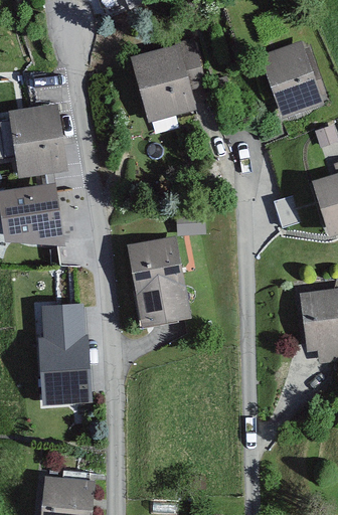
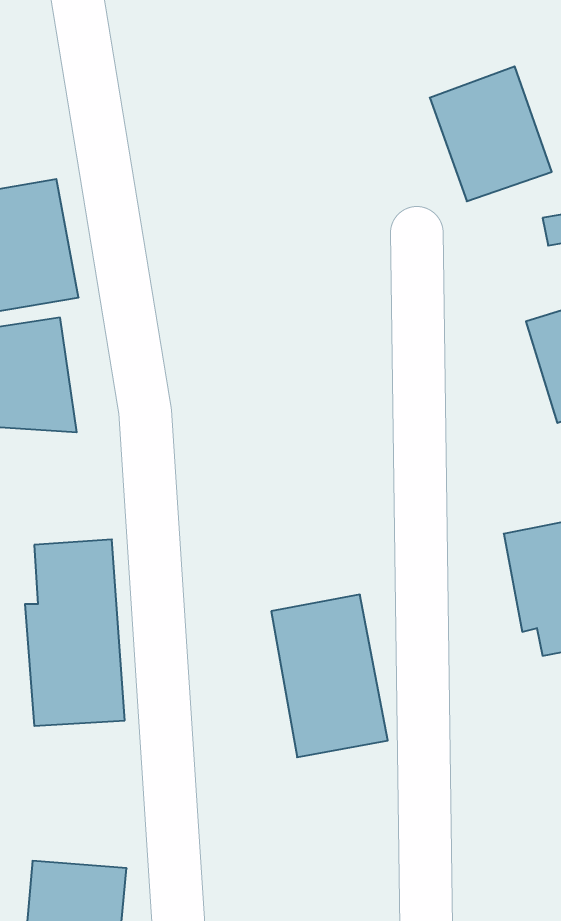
building: [129,36,201,124] -> none
building: [126,235,189,324] -> [271,595,388,757]

